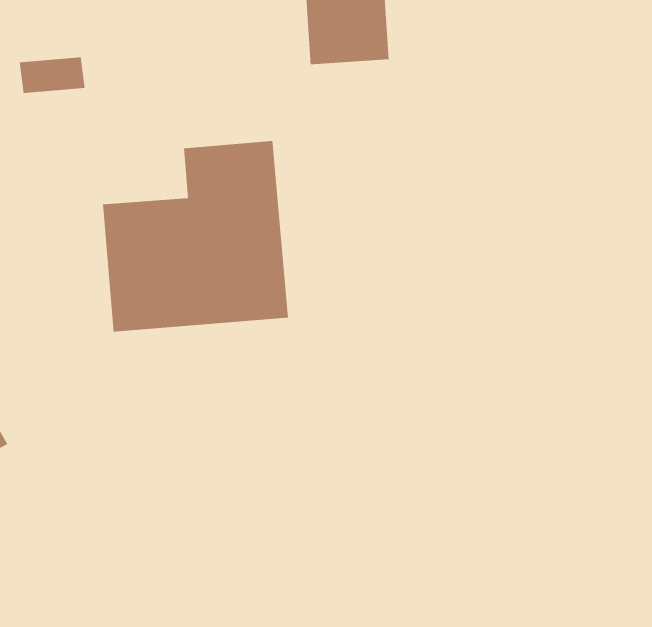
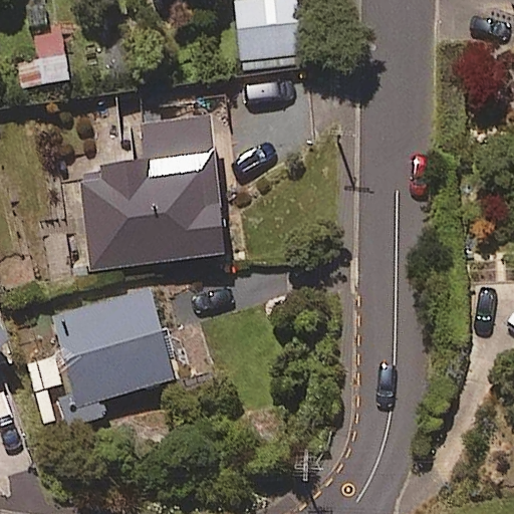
building: none -> [56,292,171,418]

